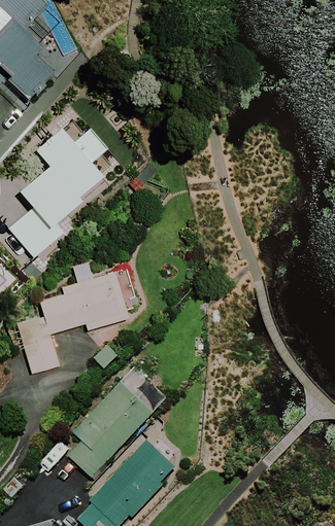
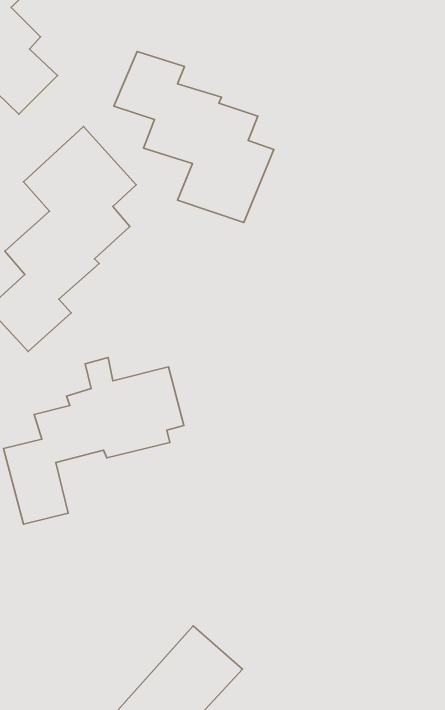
building: none -> [114,52,274,222]
building: [69,372,165,479] -> none

